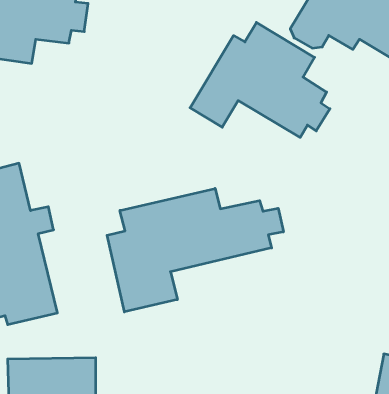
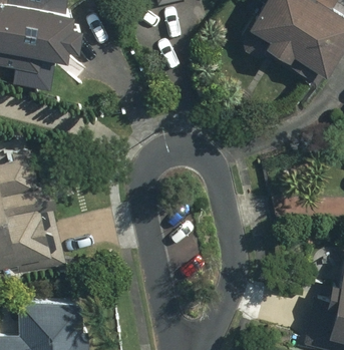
building: [190,22,330,137] -> none
building: [107,188,283,312] -> none

